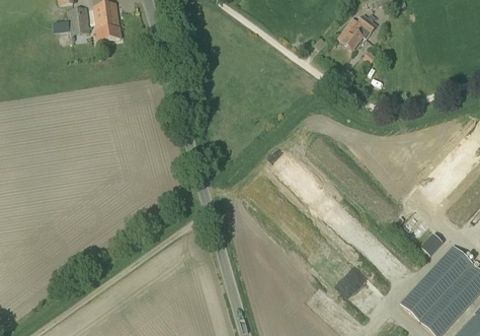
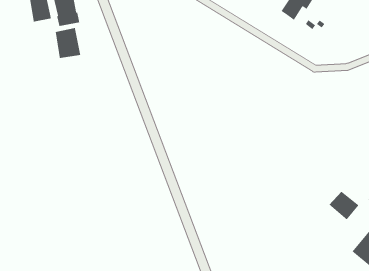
building: none -> [55,27,81,59]
building: none -> [329,191,359,220]

